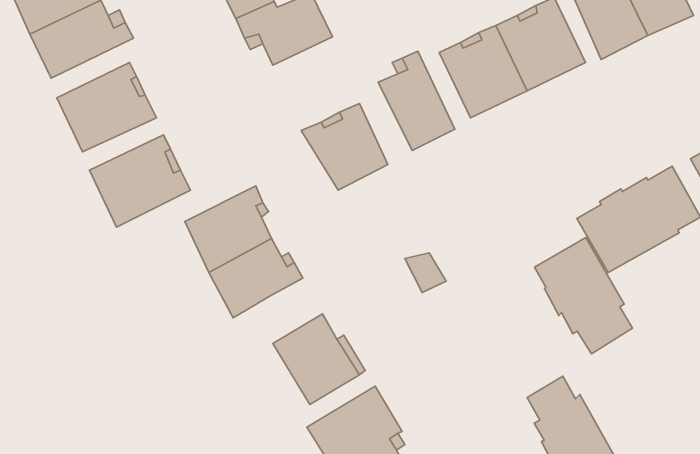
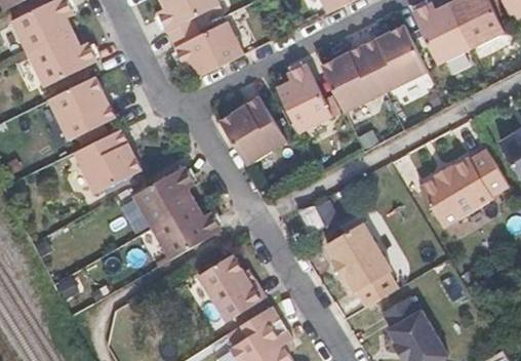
building: [535,237,633,354] -> [326,225,397,309]

